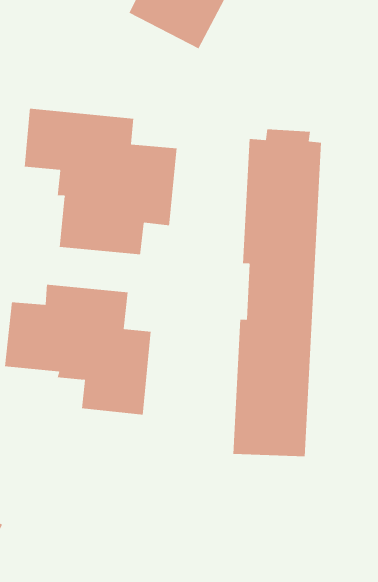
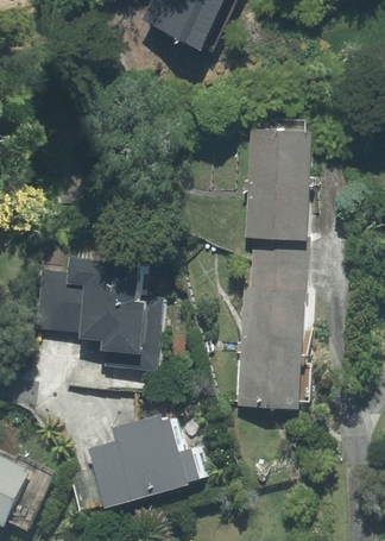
building: [24,108,177,255] -> none
building: none -> [90,414,207,508]

